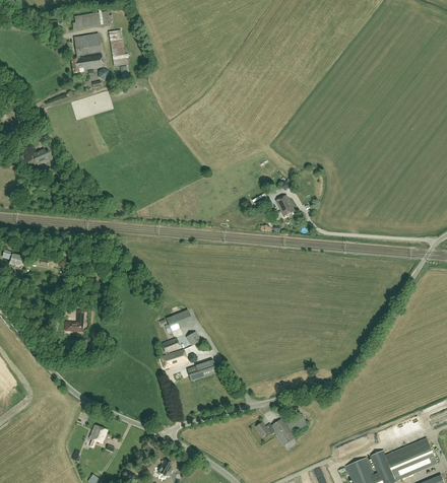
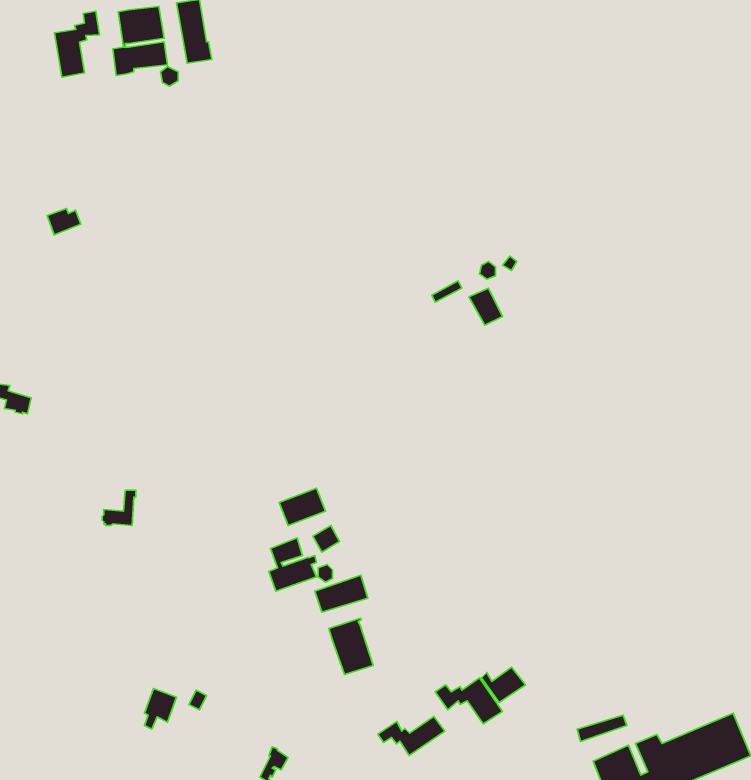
building: none -> [54,11,100,77]
building: none -> [329,618,373,674]
building: none -> [378,716,445,755]

